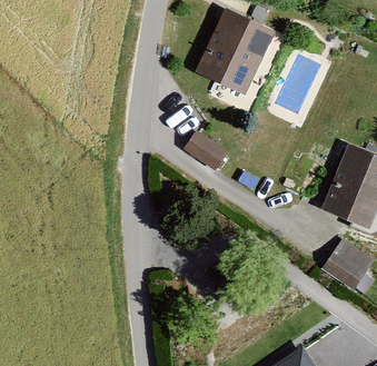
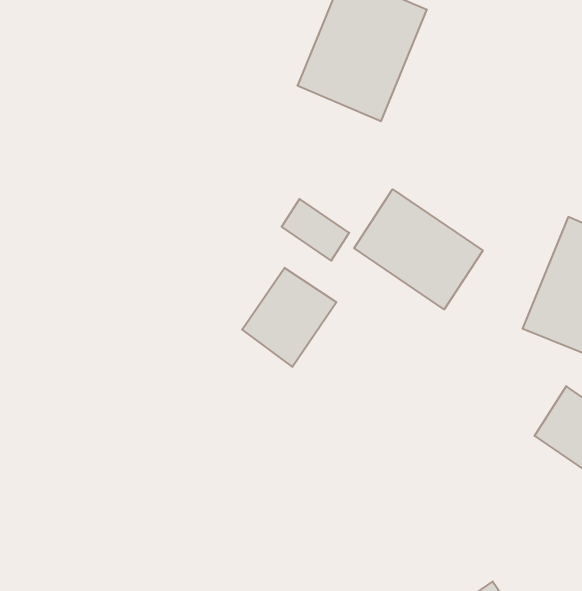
building: none -> [354,189,483,309]
building: none -> [242,268,336,367]

